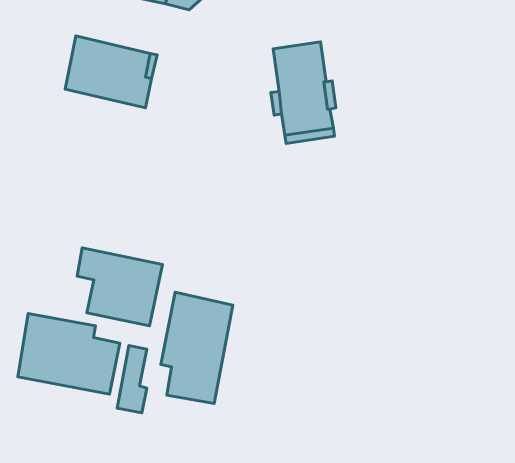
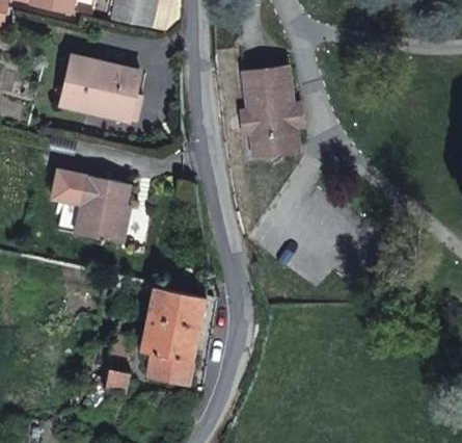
building: [77,248,162,326] -> [58,167,133,236]
building: [18,313,120,394] -> none

